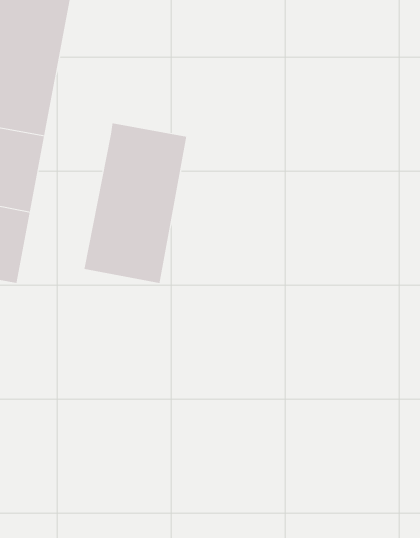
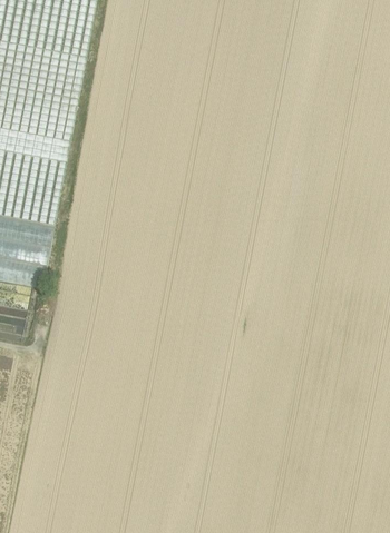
building: [84,122,187,284] -> none

